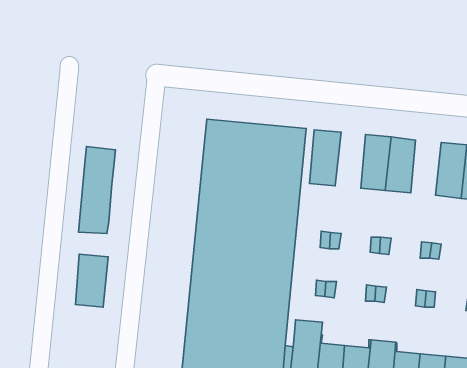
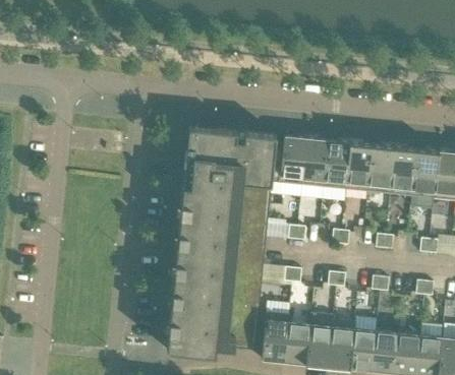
building: none -> [301,138,328,187]
building: none -> [367,145,394,193]
building: [79,146,116,234] -> none
building: [76,254,108,307] -> none

